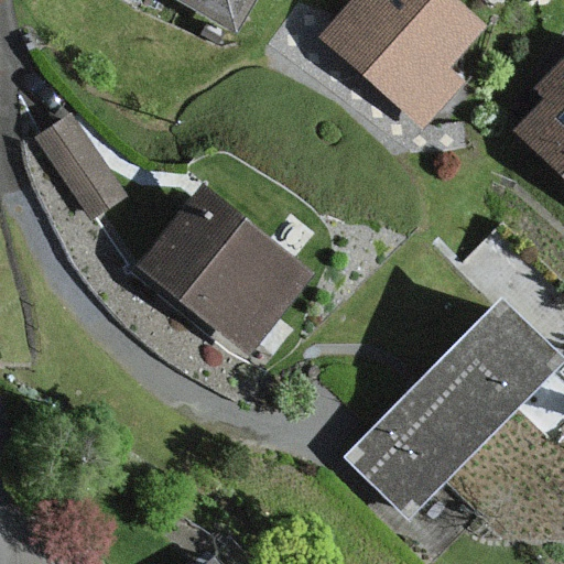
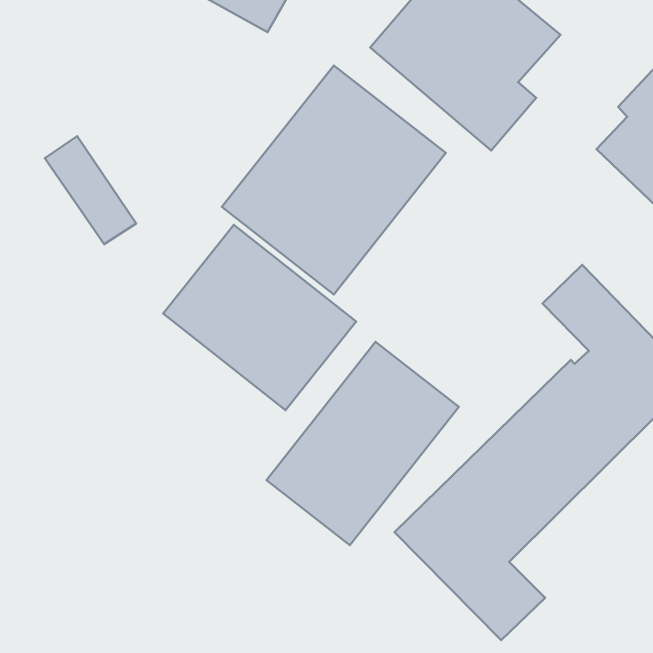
building: none -> [222,65,446,295]
building: none -> [266,342,459,545]

